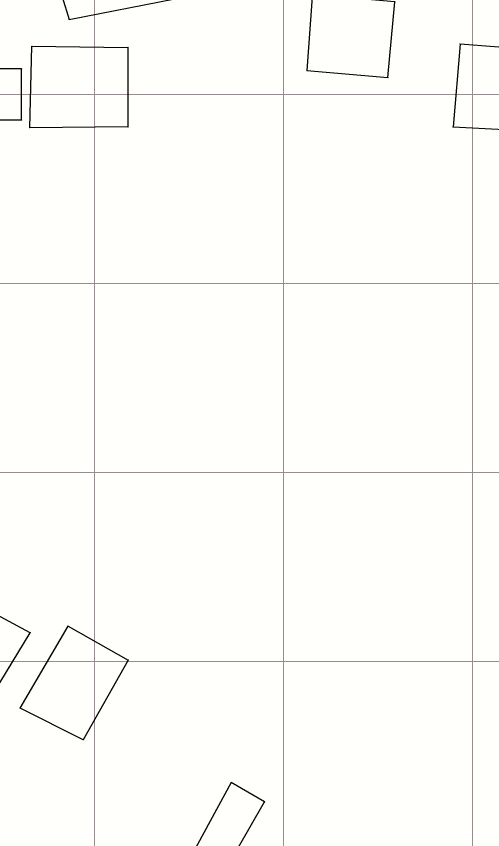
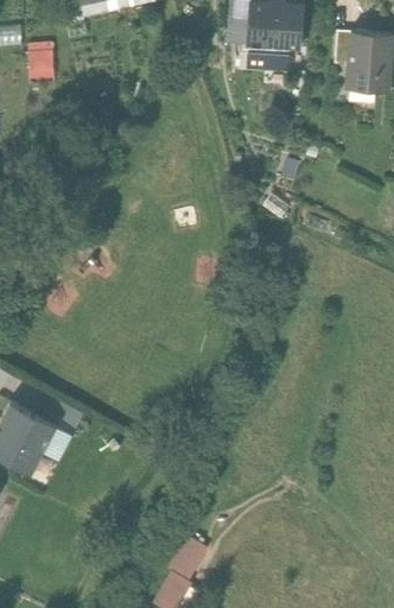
building: [30,46,128,128] -> none
building: [20,626,128,740] -> none

